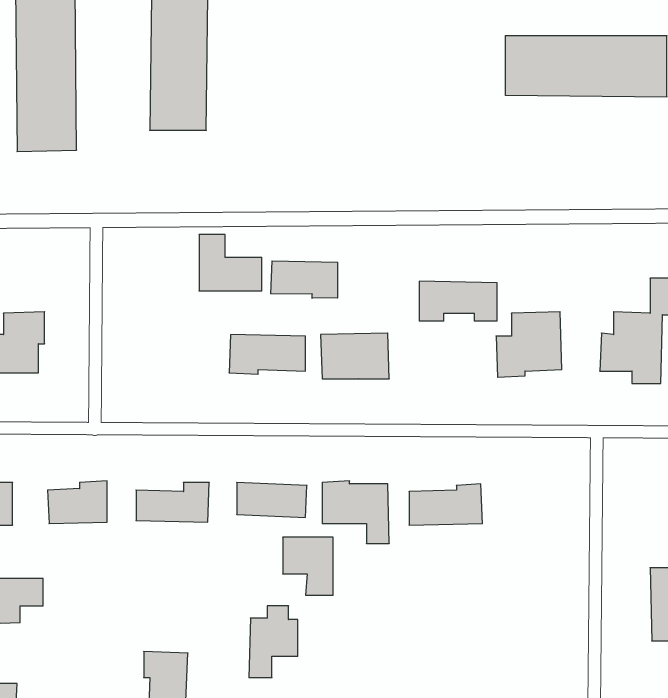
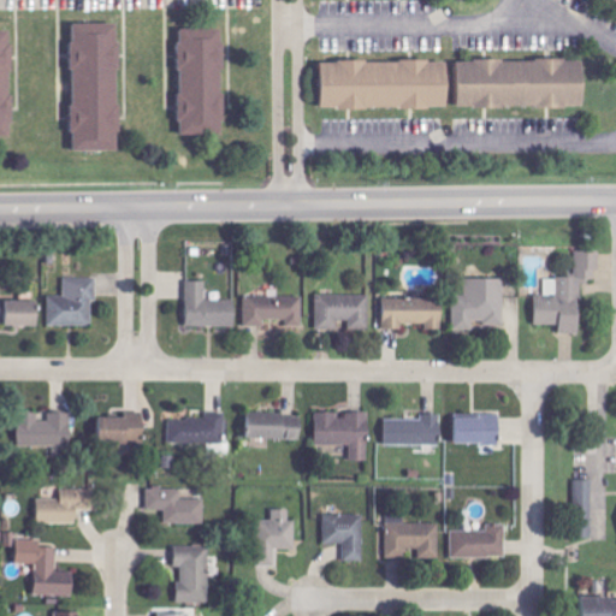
building: none -> [320,59,448,107]
building: [199,235,262,291] -> [183,280,232,325]
building: [271,261,338,298] -> none
building: [419,281,497,321] -> [380,297,442,328]
building: none -> [452,415,498,444]
building: [283,537,333,595] -> [321,514,361,559]
building: none -> [143,487,201,523]
building: none -> [383,522,434,557]
building: none -> [448,523,503,557]

